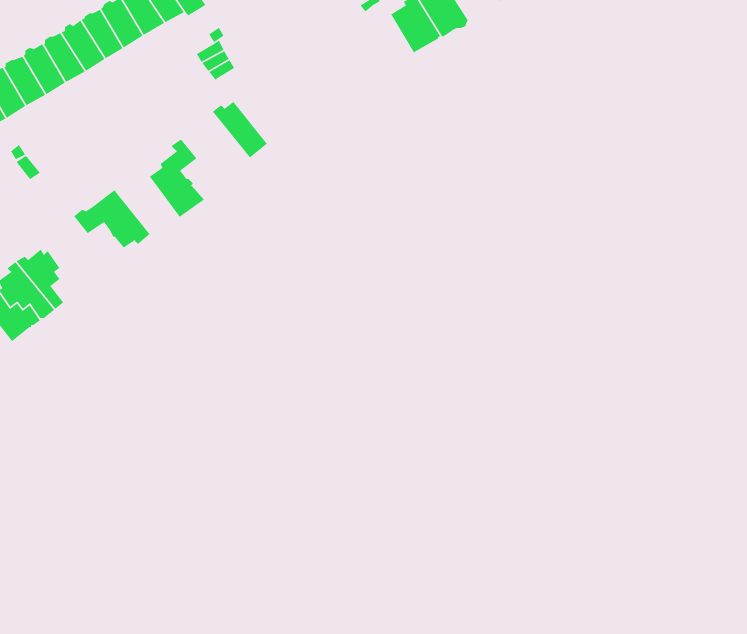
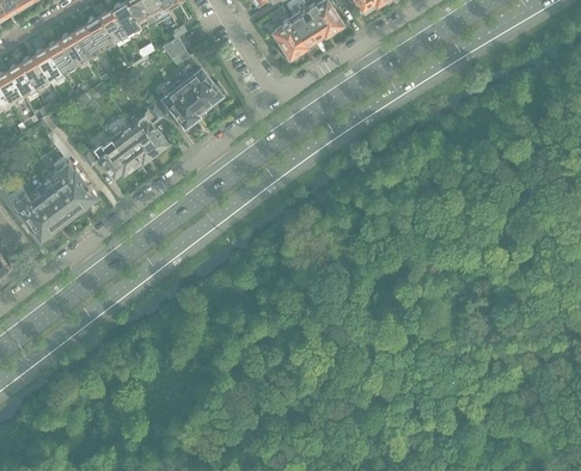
building: none -> [271,18,306,59]
building: none -> [179,65,222,106]
building: none -> [151,85,196,128]
building: none -> [104,126,149,169]
building: none -> [38,133,94,212]

